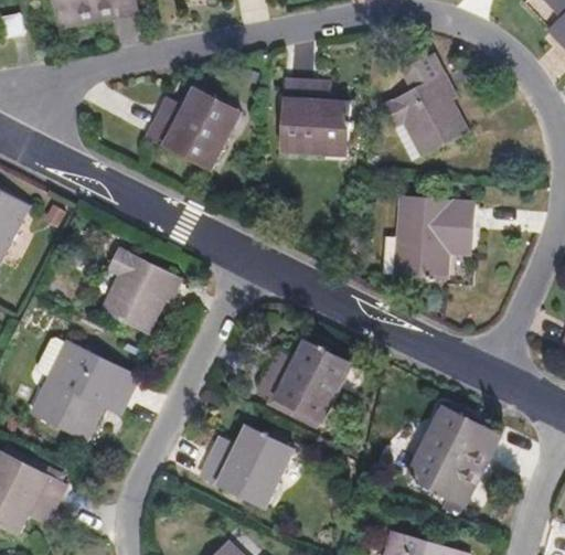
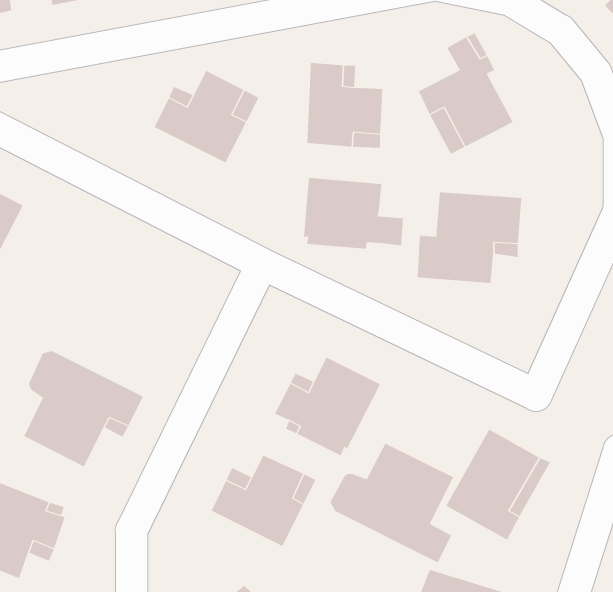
building: none -> [304,177,404,250]
building: [102,247,180,332] -> none
building: none -> [330,443,454,563]

